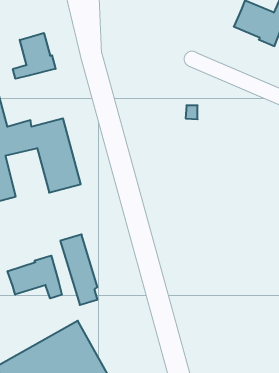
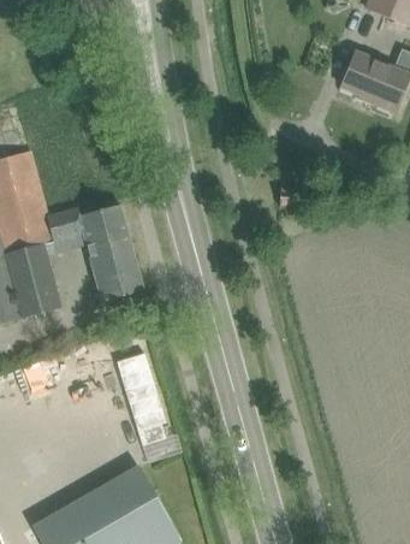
building: [13,33,56,79] -> none
building: [8,256,62,298] -> none

